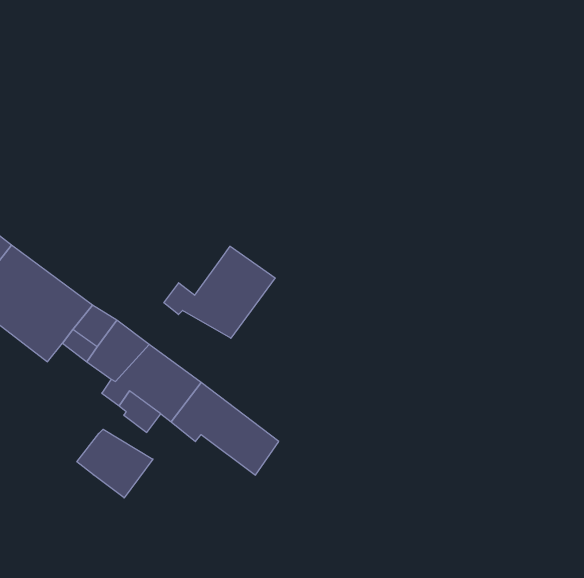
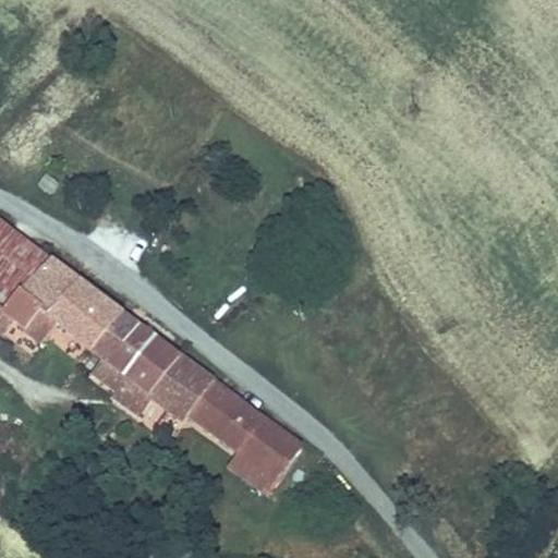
building: [164,246,275,338] -> none
building: [77,429,153,498] -> none
building: none -> [231,416,299,487]

